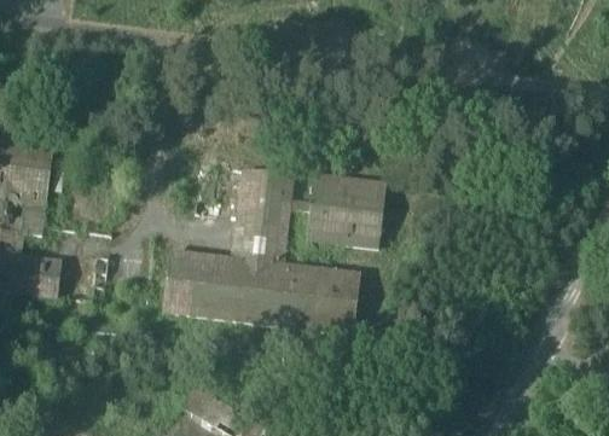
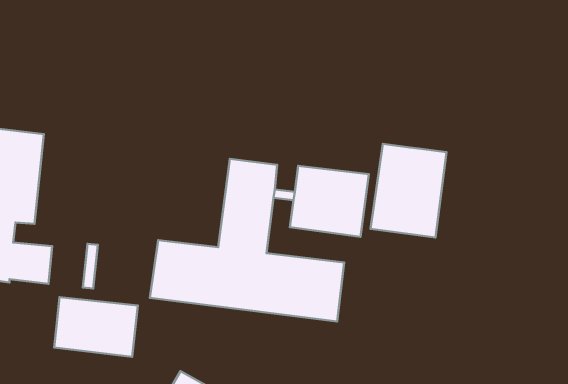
building: none -> [371,144,447,237]
building: none -> [54,297,138,357]

